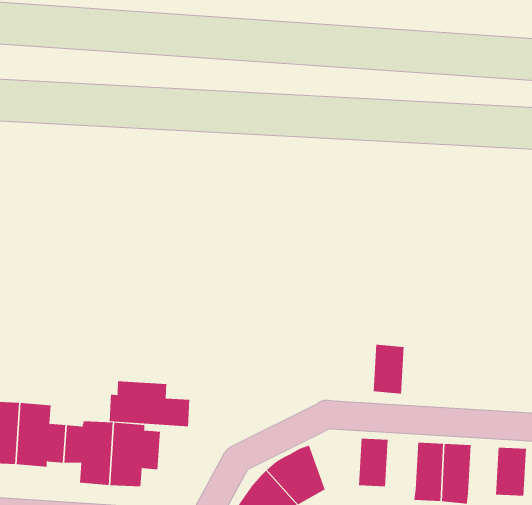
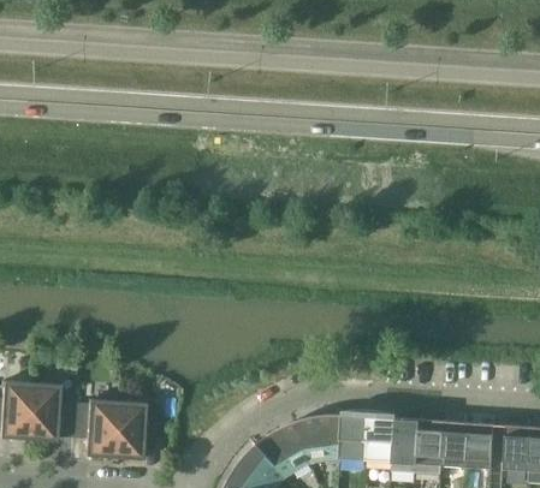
building: [373,344,404,394] -> [364,416,393,462]
building: [109,381,190,427] -> none
building: none -> [295,415,342,462]
building: none -> [440,421,467,466]

